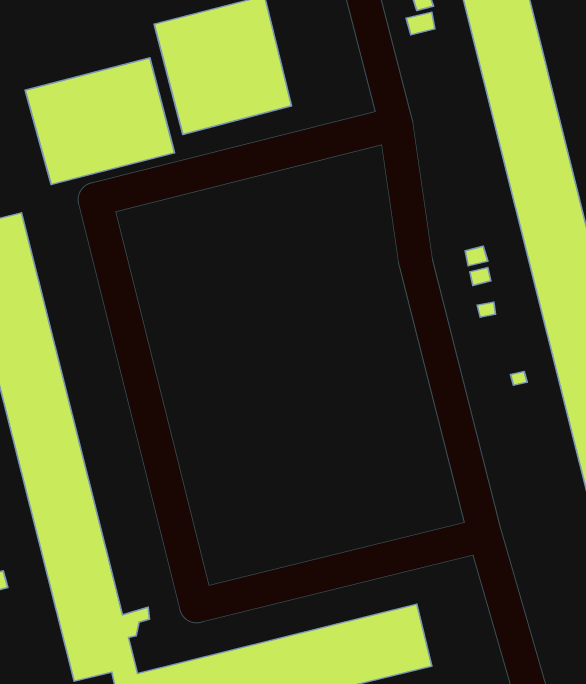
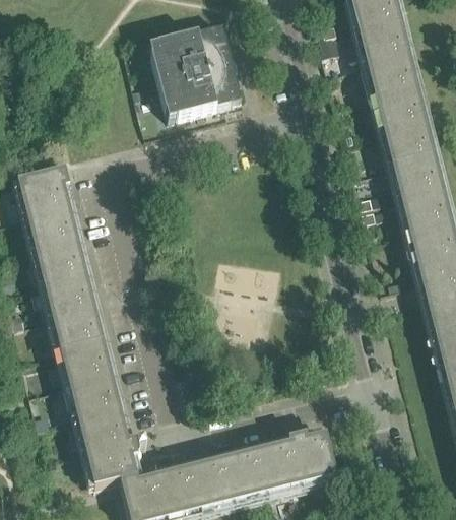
building: [25,58,175,185] -> none

